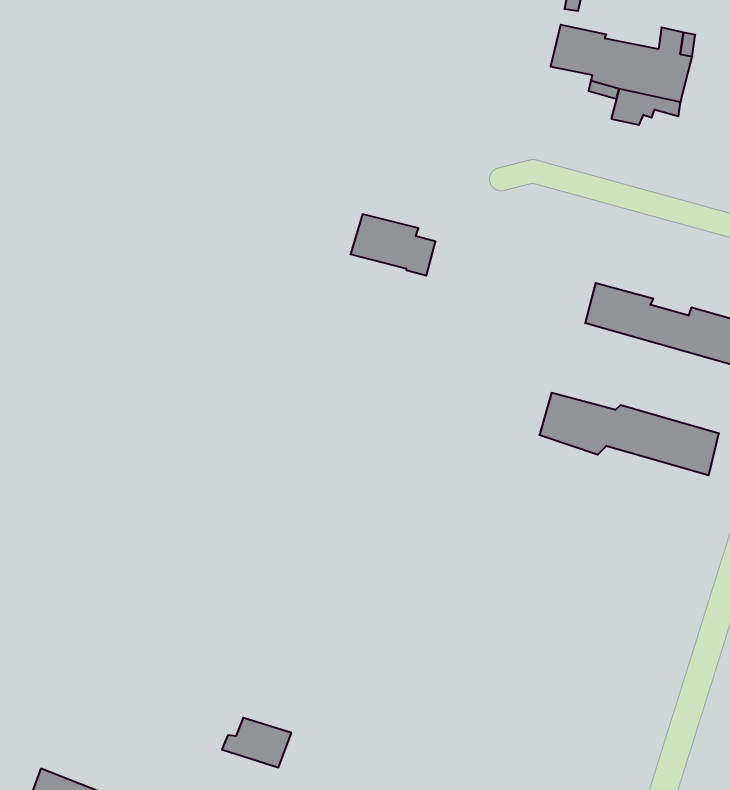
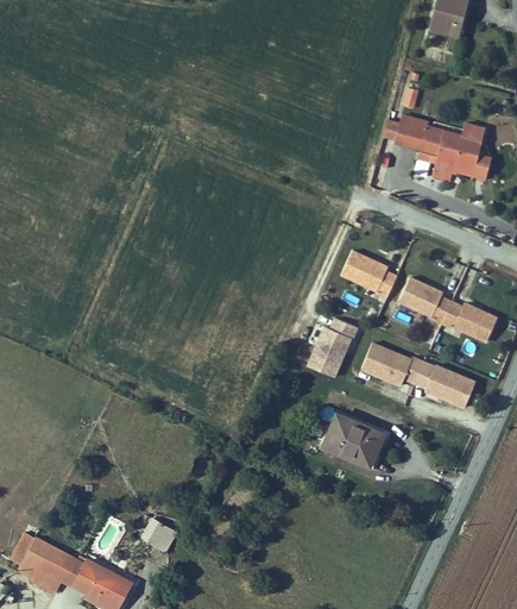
building: [350,214,436,276] -> [342,251,396,294]
building: none -> [303,318,352,378]
building: none -> [319,412,385,470]

